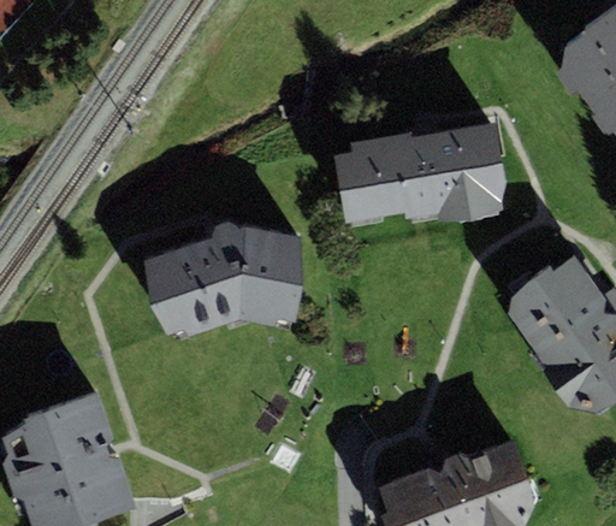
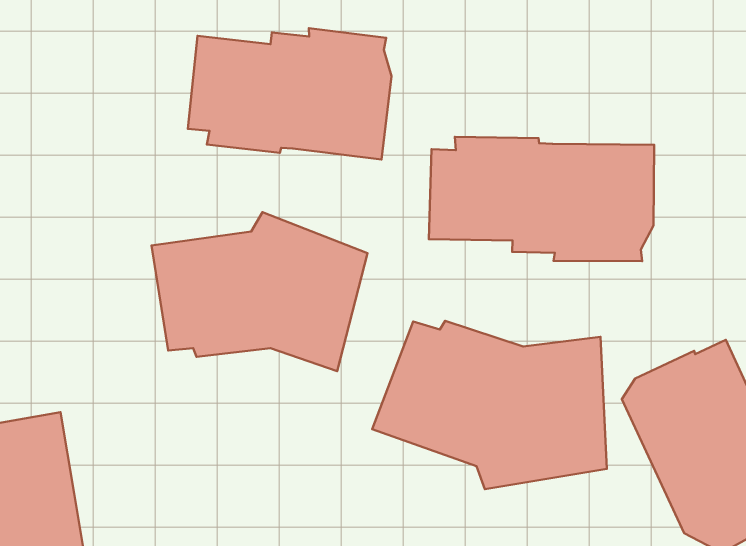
building: none -> [188,28,391,159]
building: none -> [372,321,607,489]

